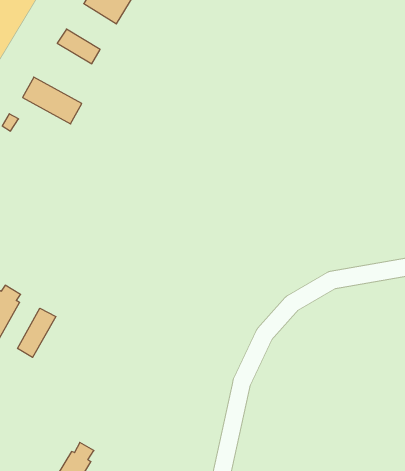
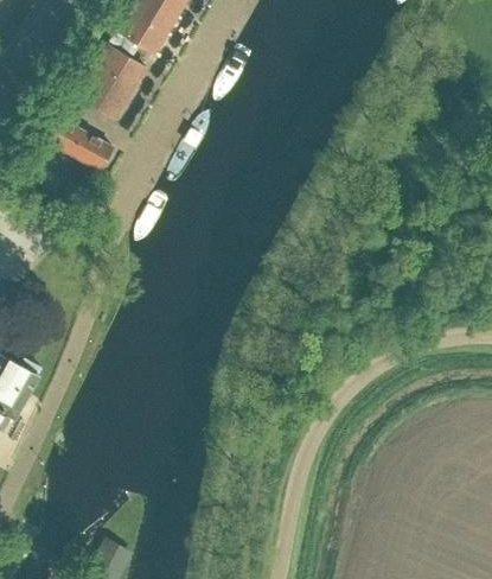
building: none -> [95,42,145,83]
building: none -> [75,76,124,117]
building: [18,308,56,357] -> none

